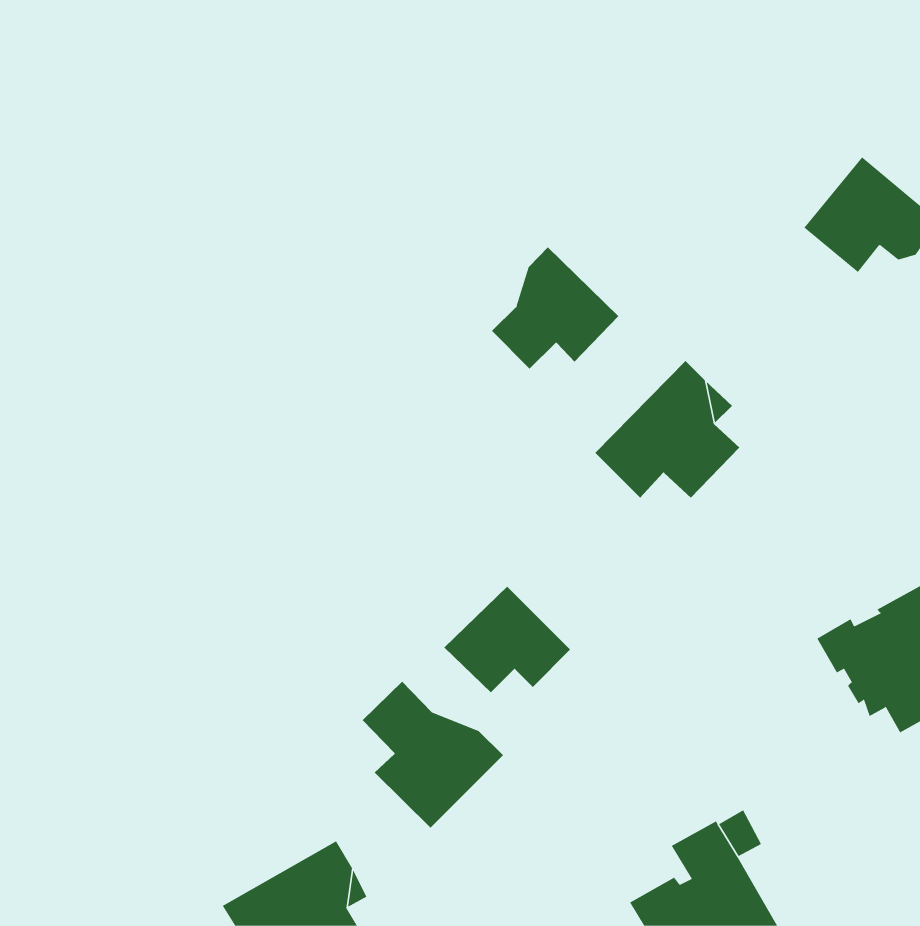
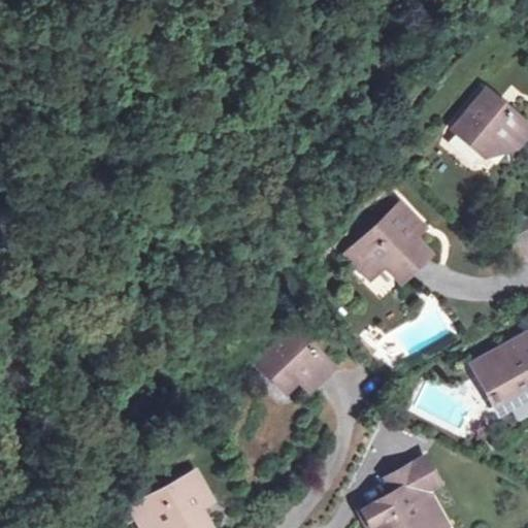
building: [491,246,619,369] -> none
building: [362,681,504,828] -> none

